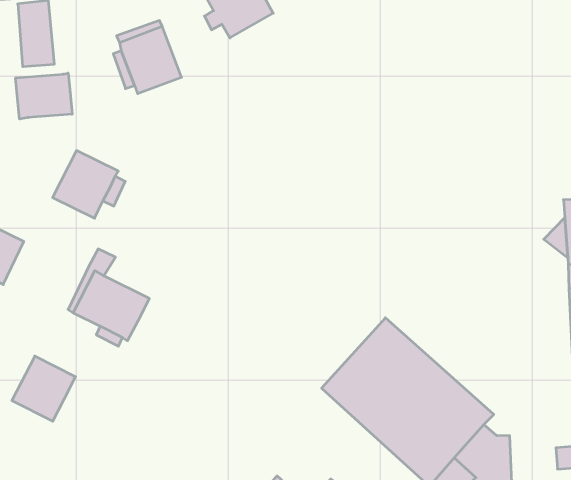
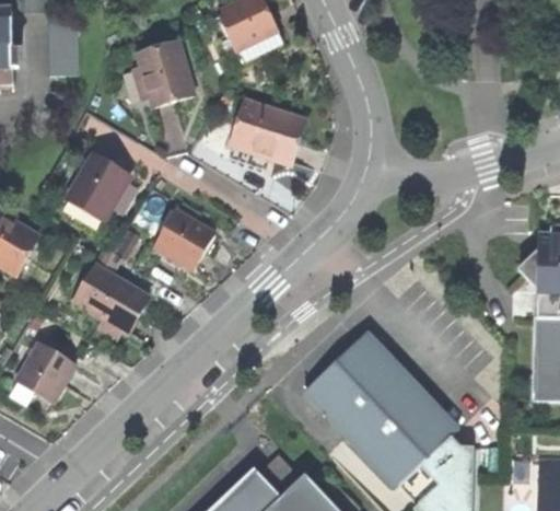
building: [16,73,72,119] -> none
building: none -> [232,101,305,164]
building: none -> [154,210,215,269]

